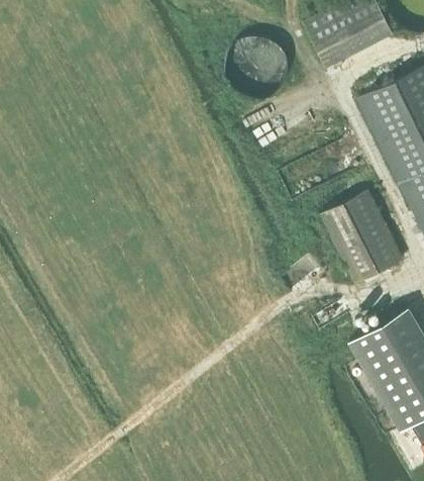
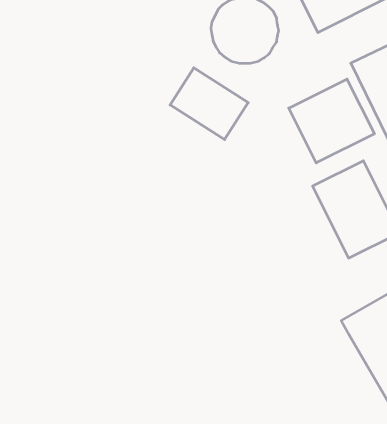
building: none -> [170,68,248,140]
building: none -> [289,79,374,163]

